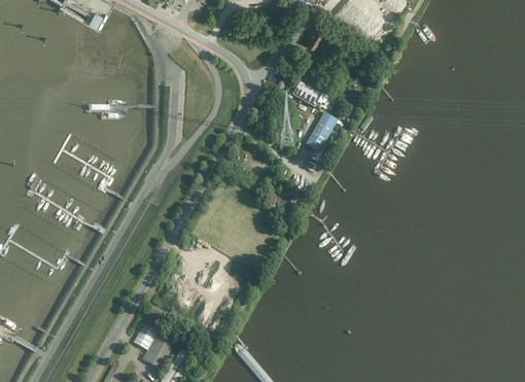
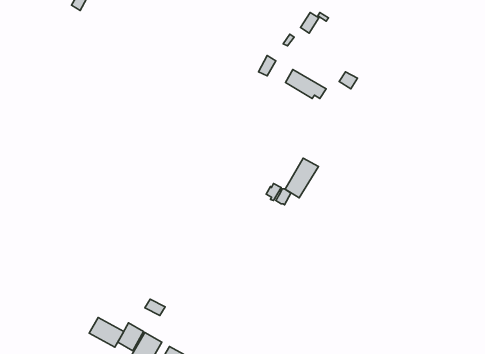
building: [306,112,338,150] -> [285,158,318,198]
building: none -> [89,317,124,347]

